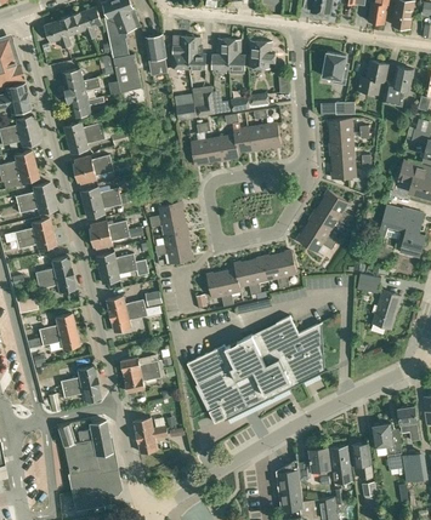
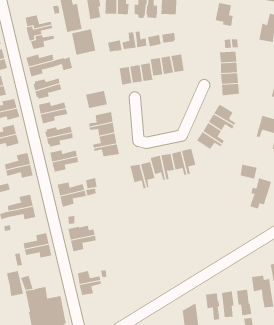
building: [358,61,389,95] -> none
building: none -> [71,29,96,55]
building: none -> [85,90,108,109]
building: [187,316,325,423] -> none
building: [89,421,113,456] -> [6,271,24,296]

